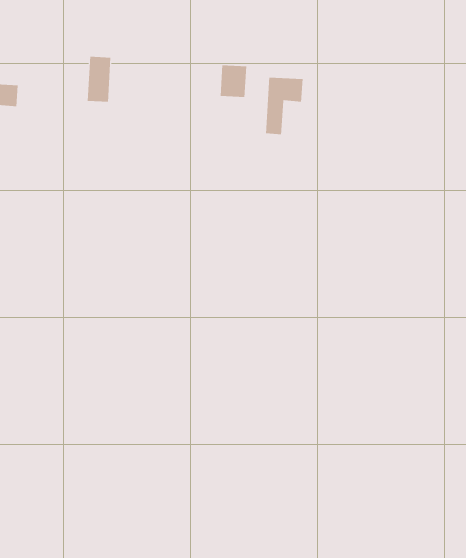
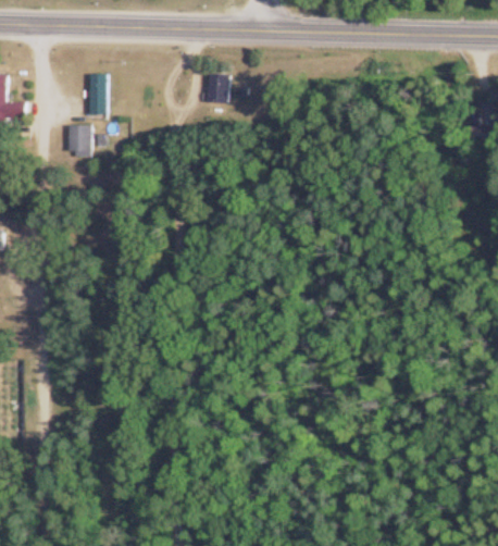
building: [266,77,303,135] -> none
building: none -> [69,125,94,153]

